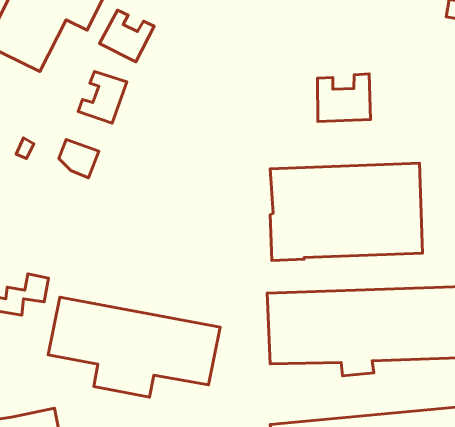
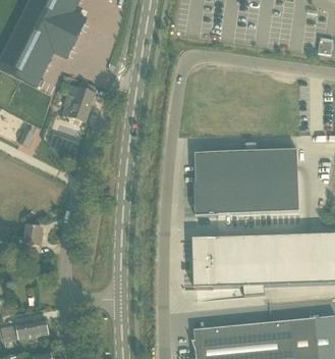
building: [99,10,154,62] -> none
building: [318,74,371,121] -> none
building: [48,297,220,397] -> none

